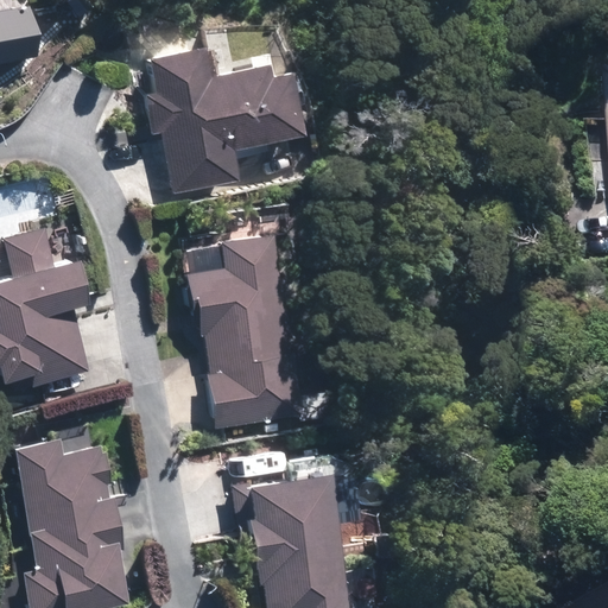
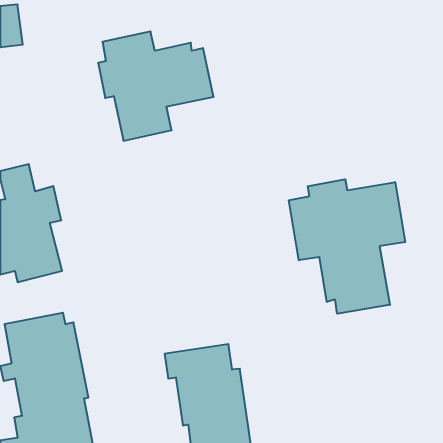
building: [184,234,297,430] -> none
building: none -> [289,179,405,314]

